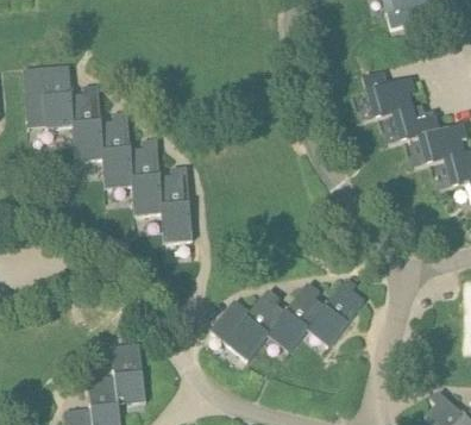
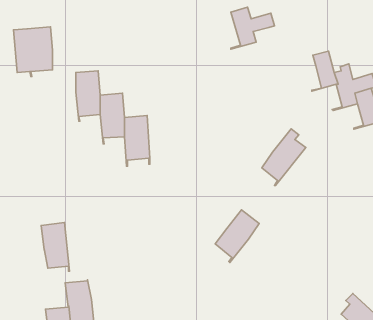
building: [362,70,415,121] -> [231,7,275,49]
building: [71,93,100,154] -> none
building: [310,277,364,346] -> [262,129,306,185]
building: [215,289,284,360] -> none
building: [111,343,145,402] -> [41,222,69,271]

